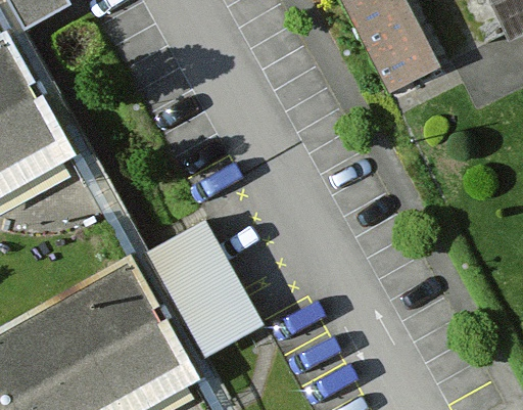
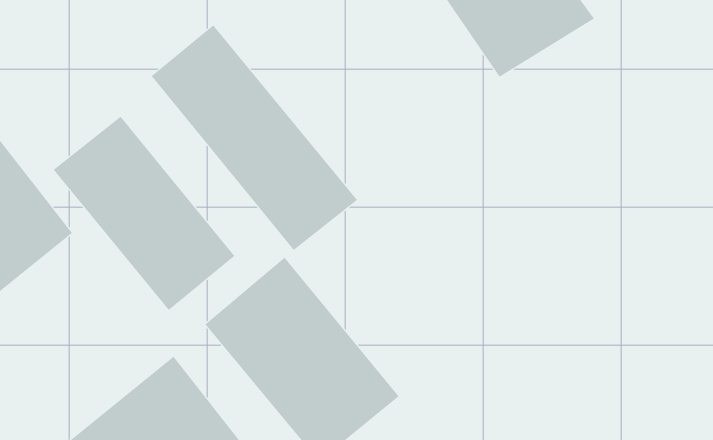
building: none -> [151,24,358,251]
building: none -> [53,116,235,311]

